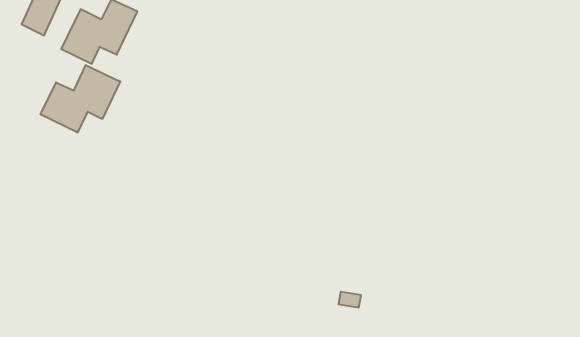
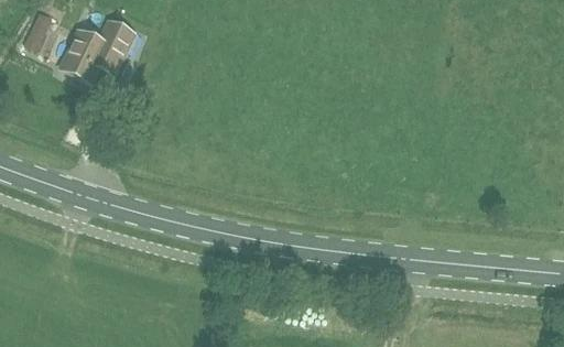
building: [41,65,120,133] -> none

